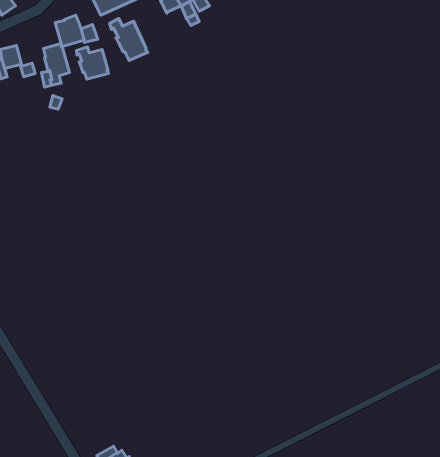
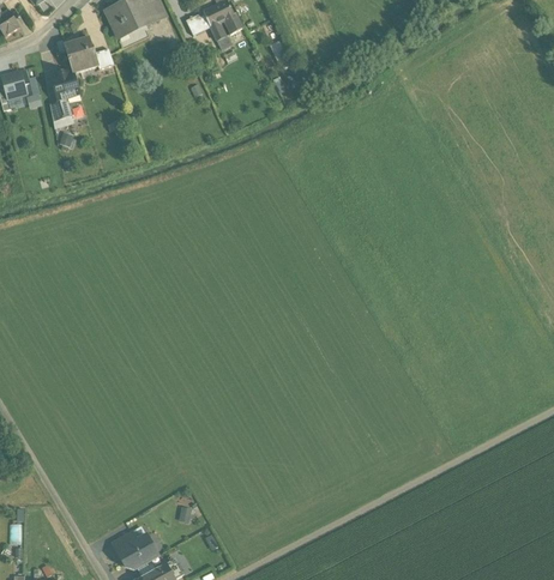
building: [110,18,148,60] -> none
building: [76,47,109,79] -> none

